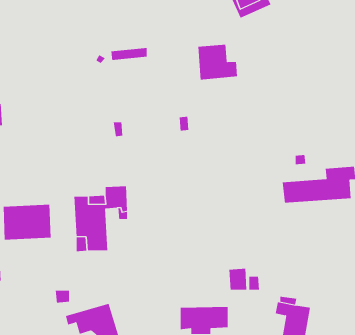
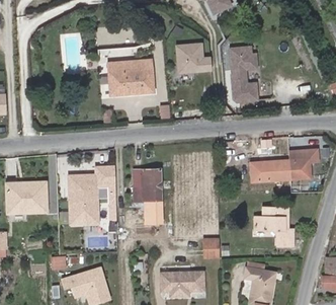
building: none -> [231,48,257,101]
building: none -> [107,59,154,95]
building: none -> [133,169,161,224]
building: none -> [254,208,292,246]

